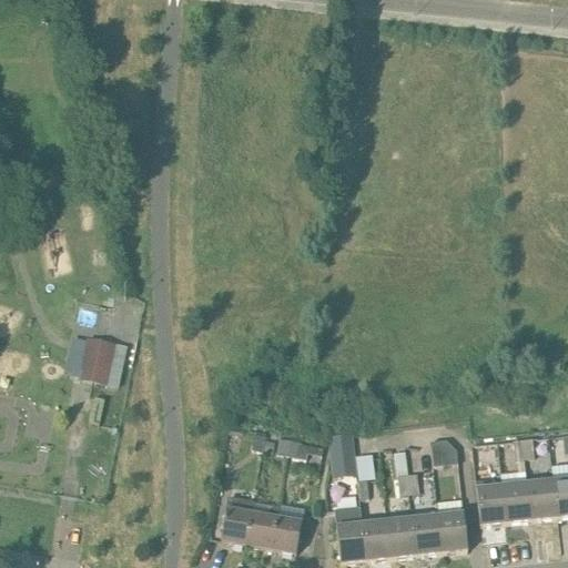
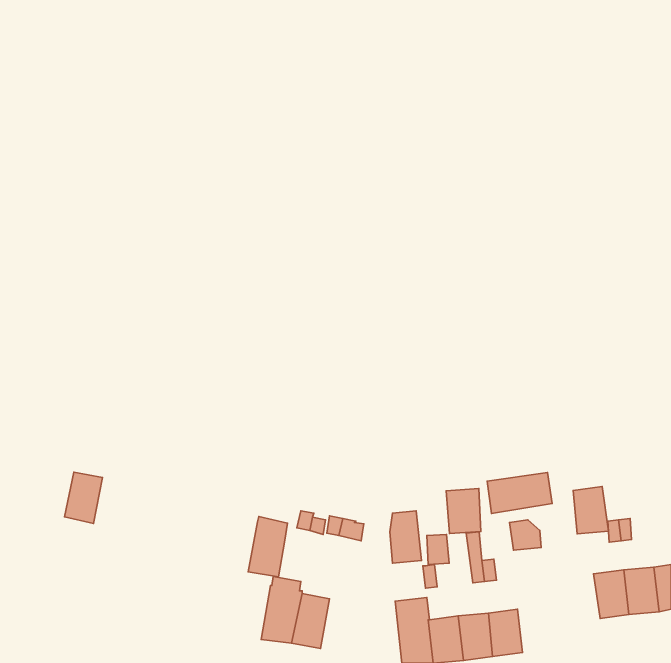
building: [81,338,113,382] -> [65,472,103,523]
building: none -> [487,473,552,514]
building: none -> [446,489,481,533]
building: [477,485,507,525] -> [573,486,609,534]
building: [436,498,468,551] -> none
building: [271,501,304,552] -> [248,517,288,577]

